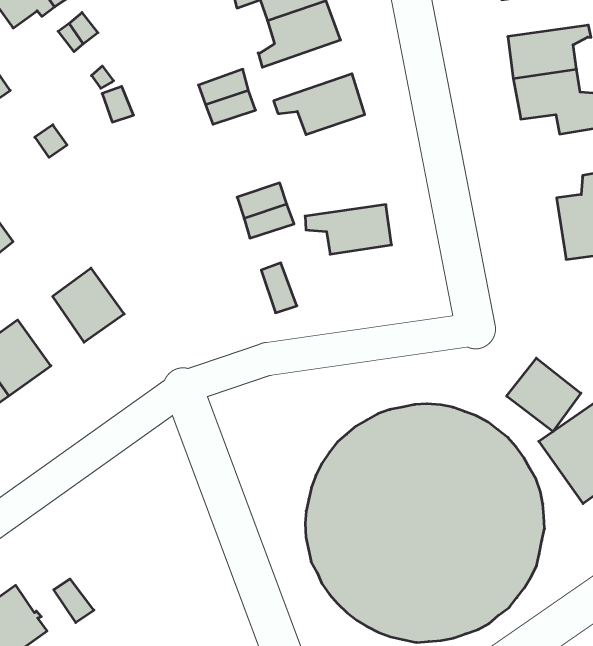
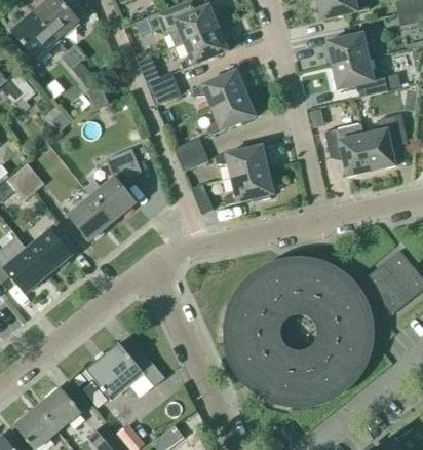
building: none -> [207,92,255,134]
building: none -> [324,126,371,176]
building: none -> [84,148,141,221]
building: none -> [224,168,273,203]
building: [507,358,581,432] -> none
building: none -> [85,341,164,398]

